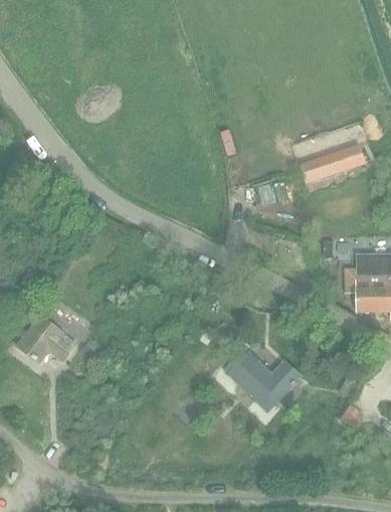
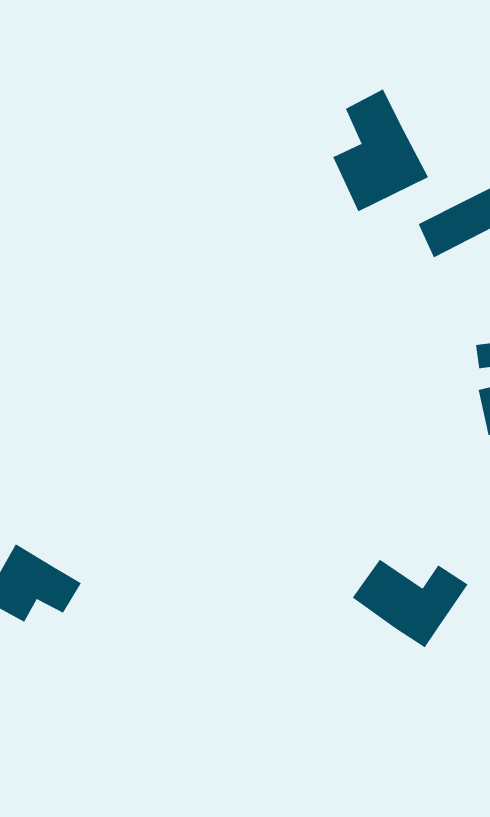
building: none -> [333,89,429,212]

